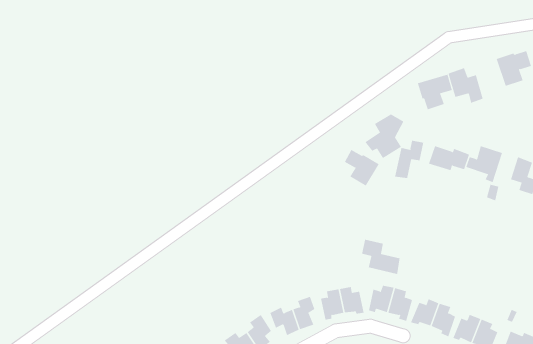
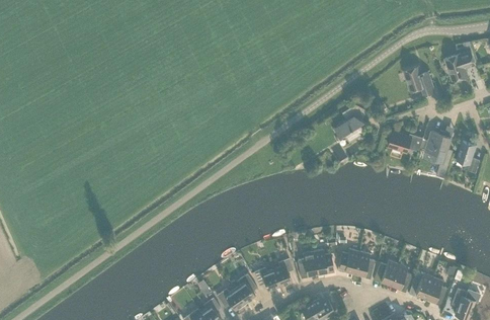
building: [417,74,453,110] -> none
building: [394,140,424,179] -> none
building: [344,149,379,186] -> none
building: [361,239,400,275] -> none

